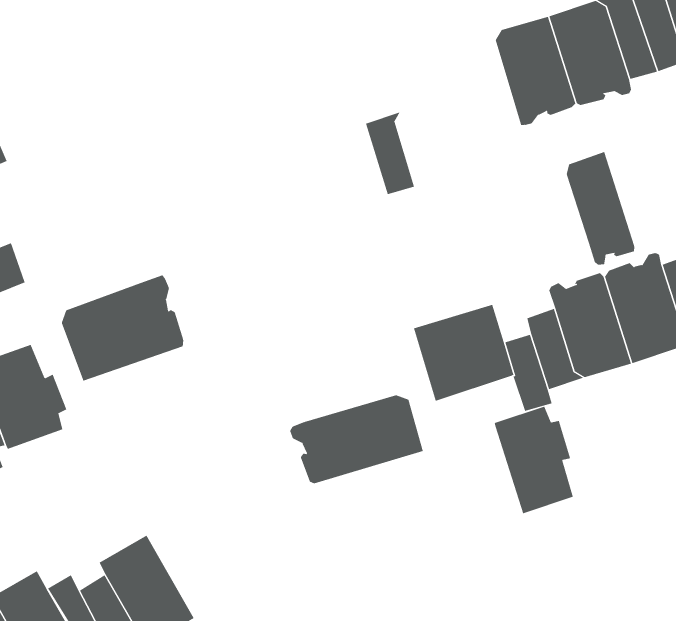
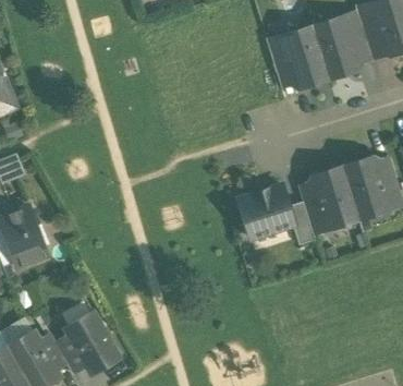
building: [365,111,415,195] -> [267,34,294,80]
building: [566,151,635,266] -> none
building: [61,274,184,381] -> none
building: [289,394,424,484] -> none
building: [494,406,574,514] -> none

